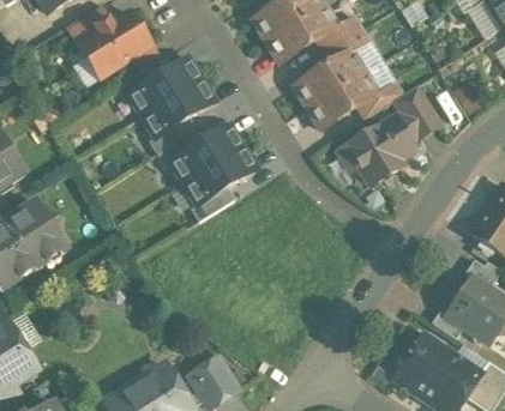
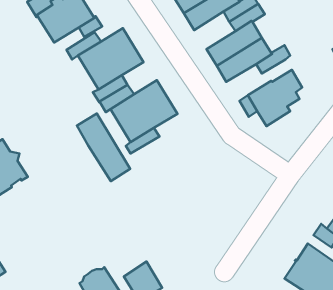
building: [396,86,439,137] -> none
building: none -> [77,114,130,181]

